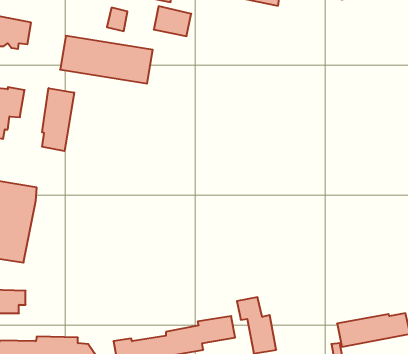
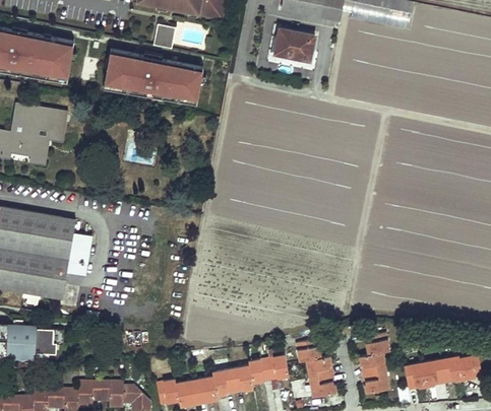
building: [154,6,191,36] -> [273,29,314,62]
building: [42,88,74,151] -> none
building: none -> [69,232,94,275]
building: none -> [359,333,389,394]

